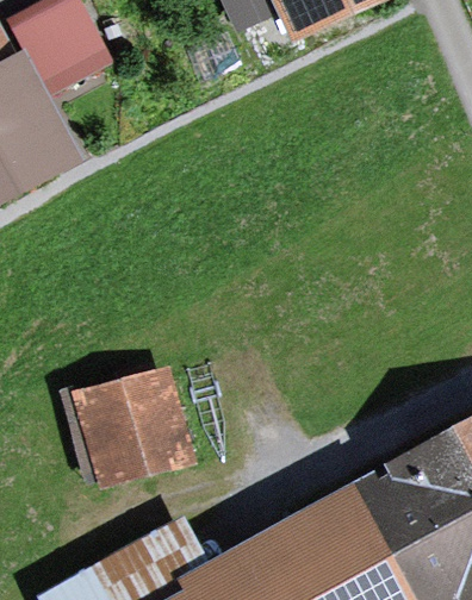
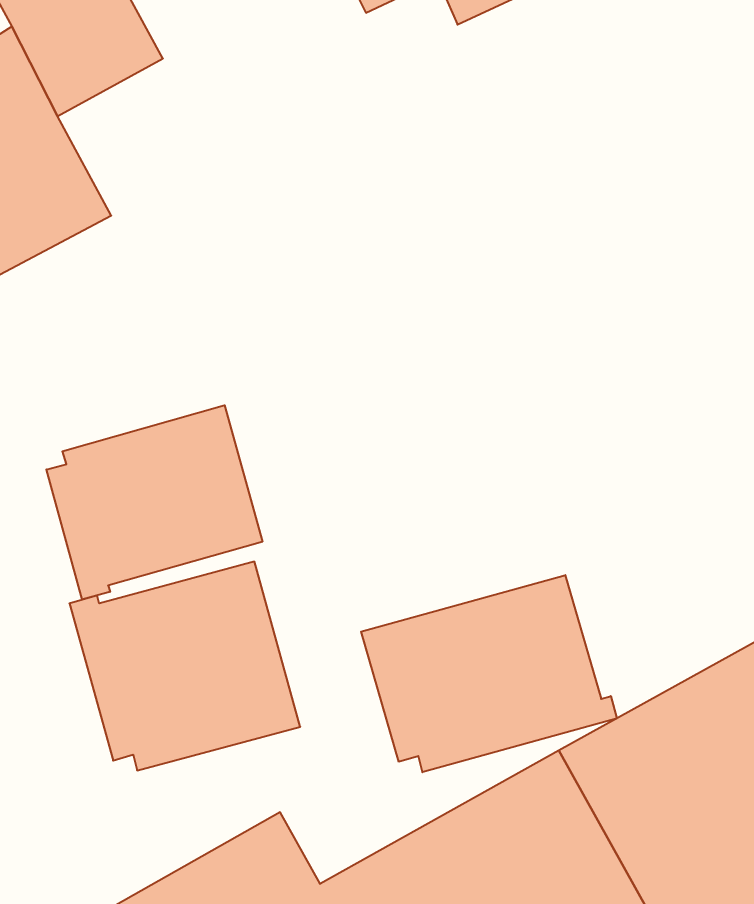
building: none -> [46,405,262,600]
building: none -> [361,575,617,772]

